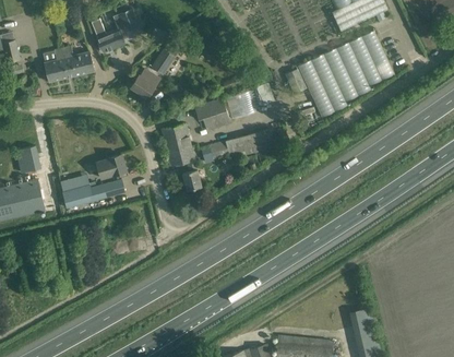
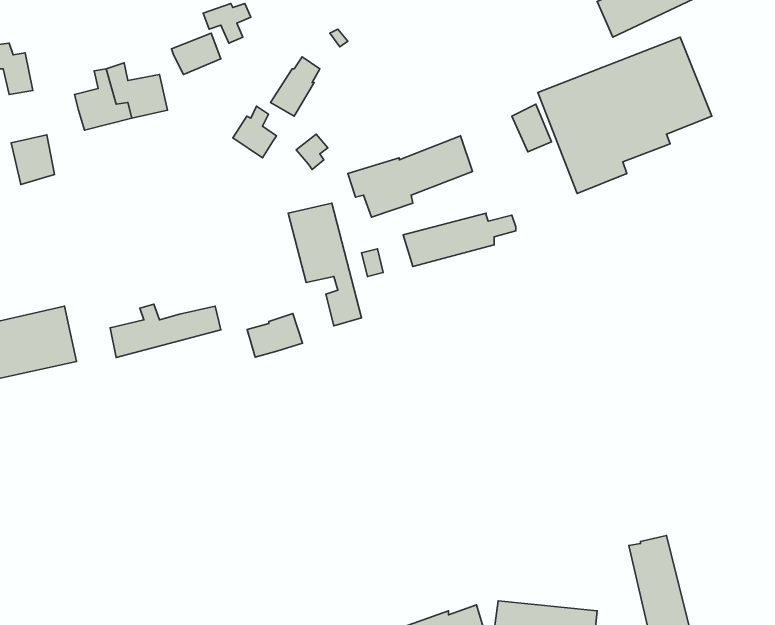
building: [15,145,39,172] -> [11,135,55,184]
building: [95,154,126,178] -> [247,314,303,357]

